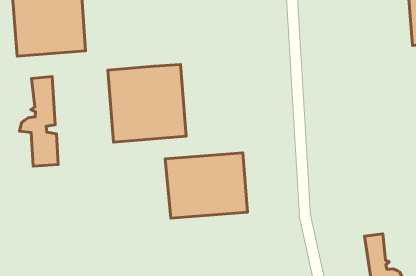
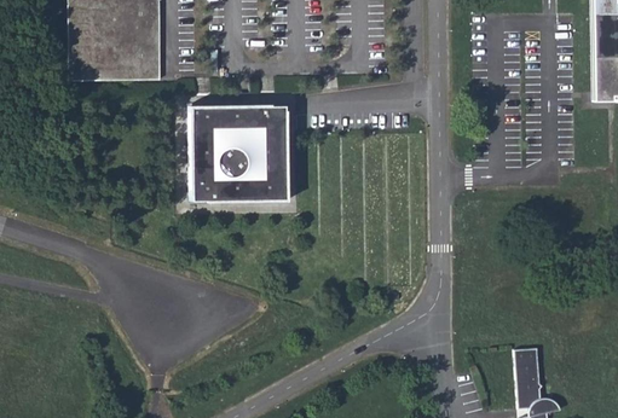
building: [20,76,58,166] -> none
building: [165,153,247,218] -> none

